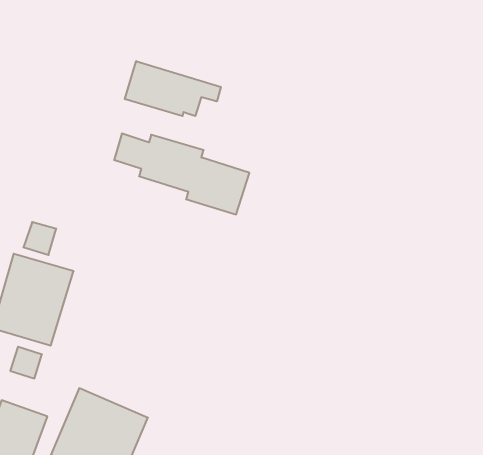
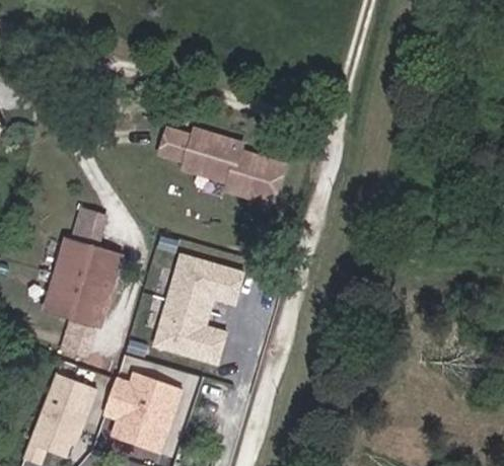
building: [125,61,221,116] -> none
building: none -> [150,252,246,367]

